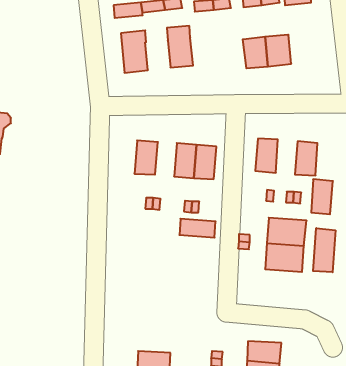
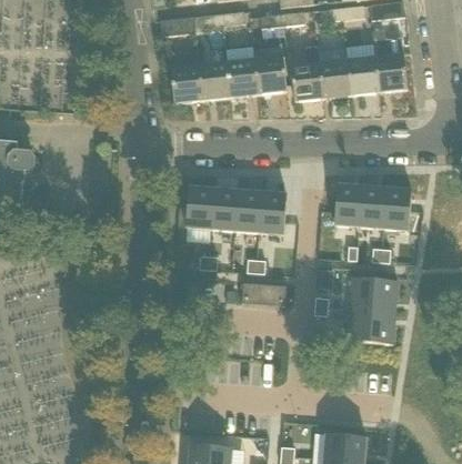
building: none -> [371,29,406,91]
building: none -> [290,43,323,100]
building: none -> [254,56,287,93]
building: none -> [199,62,230,99]
building: none -> [211,188,238,230]
building: [311,179,333,214] -> [360,184,386,228]
building: [313,228,335,272] -> none

